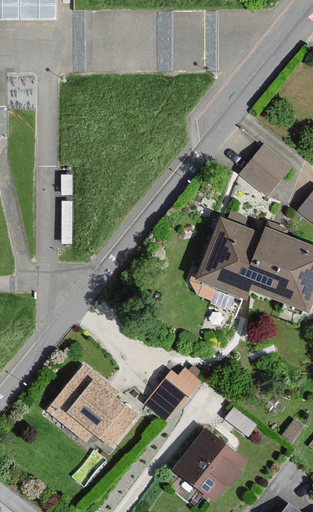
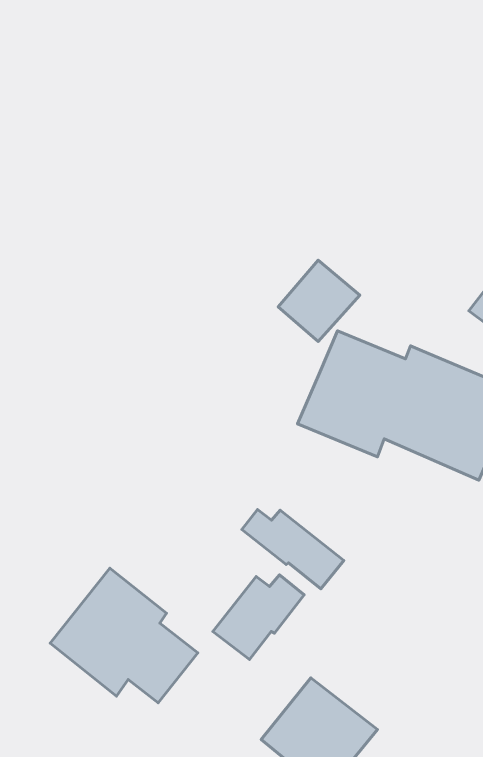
building: [240,143,289,192] -> [278,260,360,342]
building: none -> [242,510,344,589]

